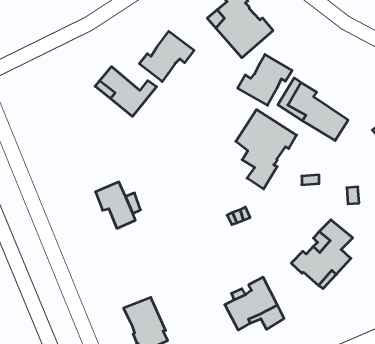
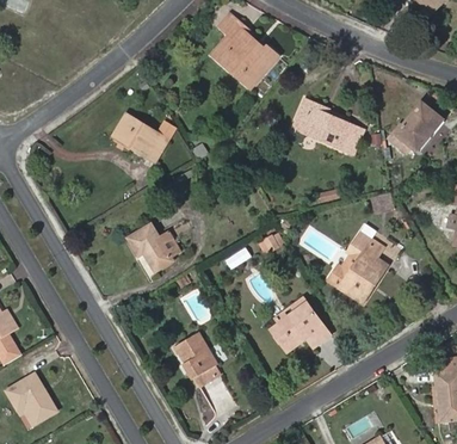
building: [139,31,194,82] -> none
building: [238,54,292,105] -> none
building: [236,110,297,189] -> none

